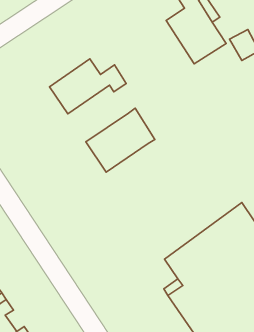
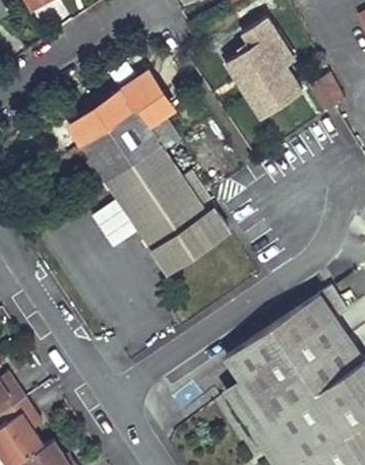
building: none -> [71,75,172,144]
building: none -> [106,142,181,212]
building: none -> [154,209,229,270]

